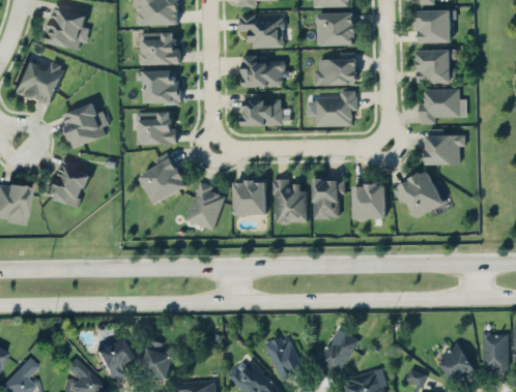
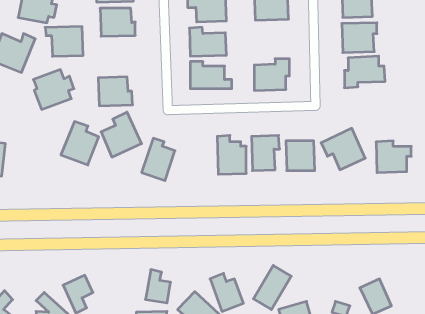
building: [313,52,355,86] -> none
building: [136,69,179,103] -> [45,27,83,56]
building: [425,128,465,164] -> [376,141,411,173]
building: [46,157,89,207] -> [61,122,99,165]
building: [233,180,266,214] -> none
building: [482,332,508,368] -> none
building: [143,339,172,378] -> [145,270,171,303]

